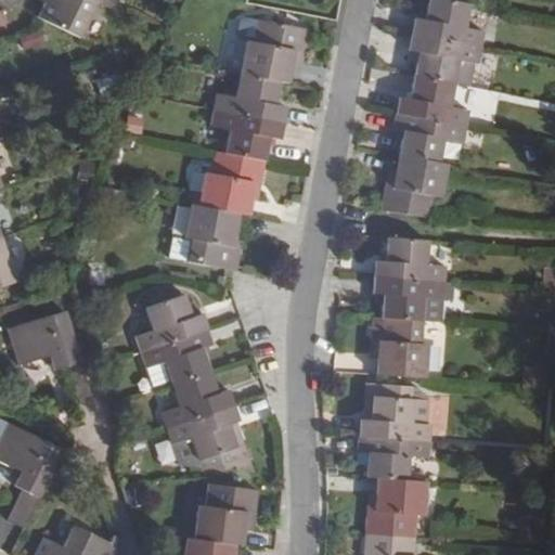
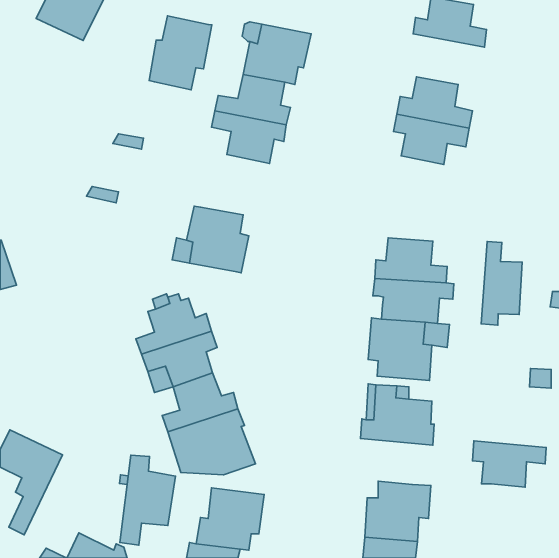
building: none -> [149,16,212,90]
building: [406,34,480,86] -> none
building: [199,151,268,215] -> none
building: [377,154,448,217] -> none
building: none -> [481,242,522,325]
building: [9,311,91,400] -> none
building: [357,434,429,479] -> [473,441,546,487]
building: none -> [120,455,175,545]

